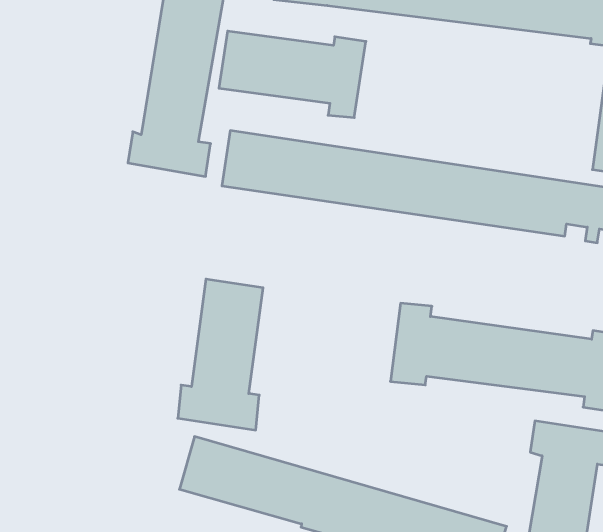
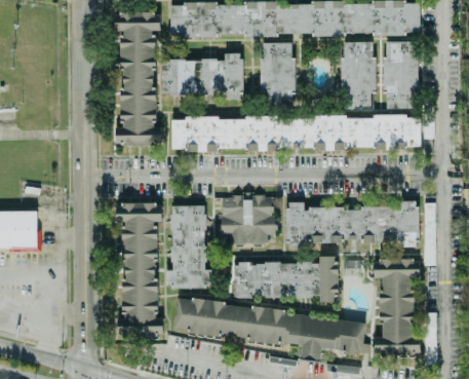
building: none -> [261,42,295,108]
building: none -> [341,41,375,109]
building: none -> [117,202,163,338]
building: none -> [221,195,274,242]
building: none -> [233,256,338,302]

